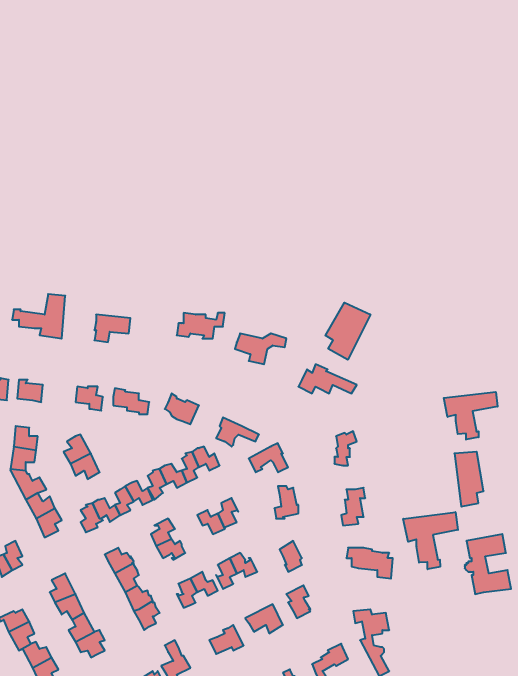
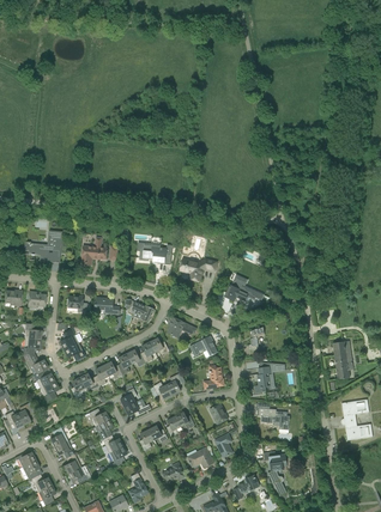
building: [325,303,370,360] -> none
building: [444,392,498,440] -> none
building: [403,512,458,569] -> none

